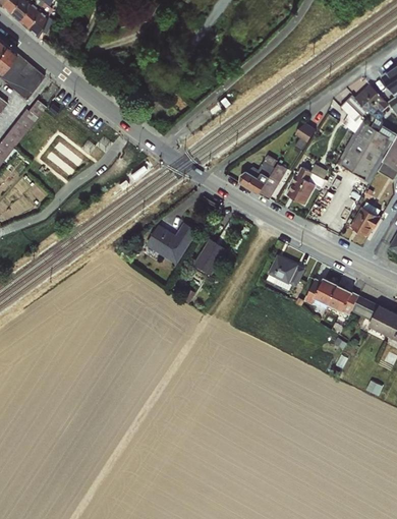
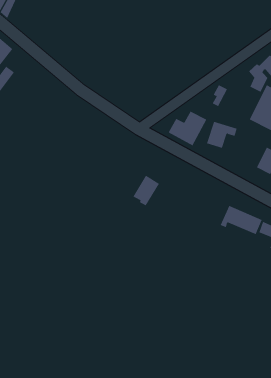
building: [145,221,196,264] -> none
building: [266,253,303,291] -> none

